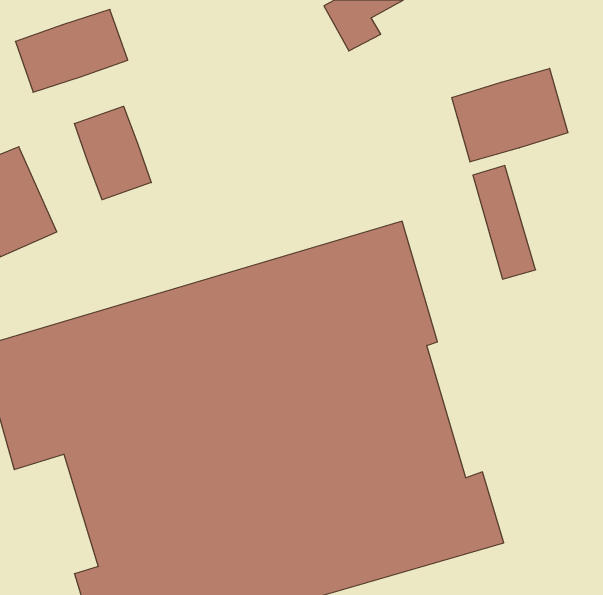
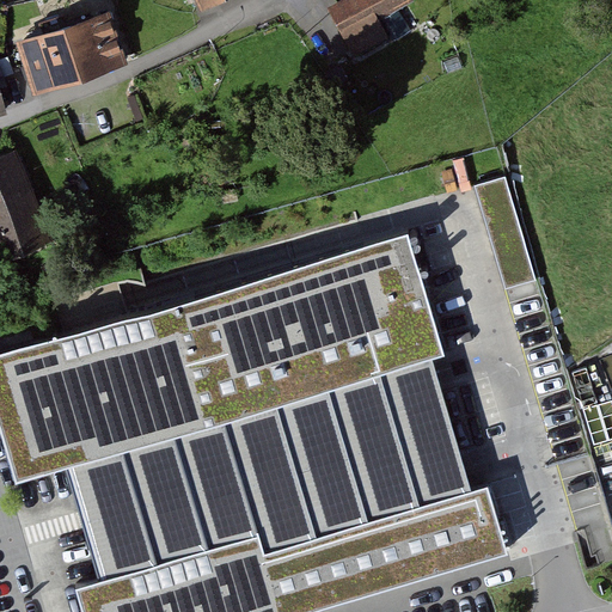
building: [452,68,568,162] -> none
building: [74,106,151,200] -> none

